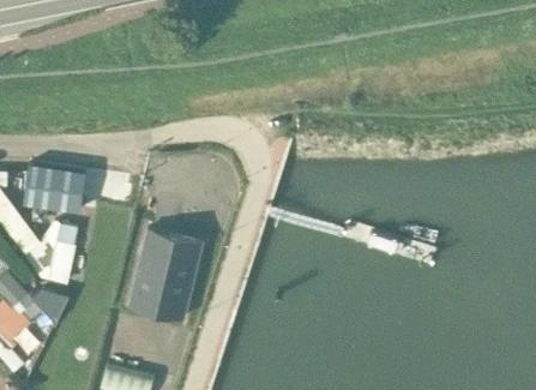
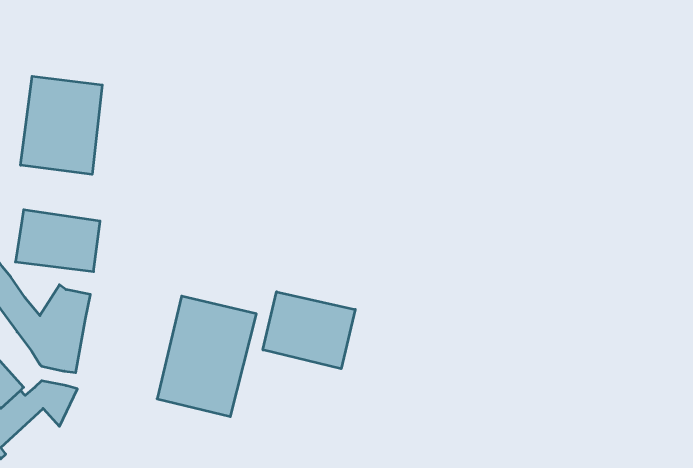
building: none -> [21,76,102,174]
building: none -> [263,292,355,369]

